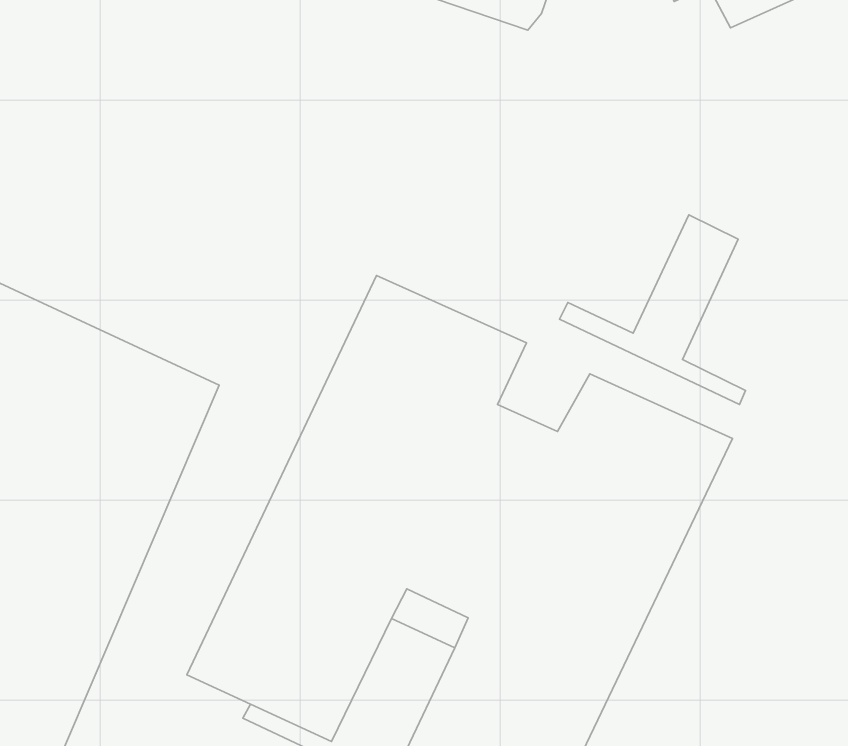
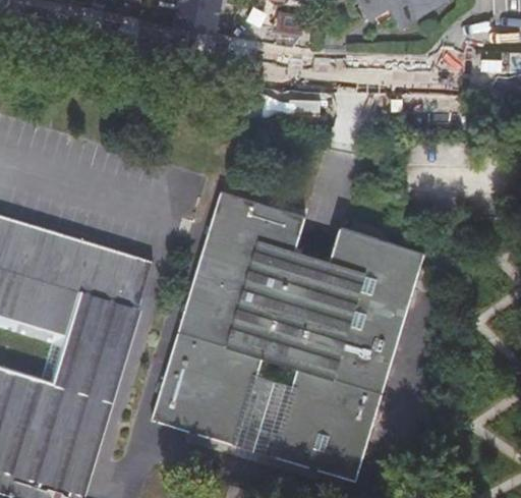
building: [560,215,746,405] -> none

